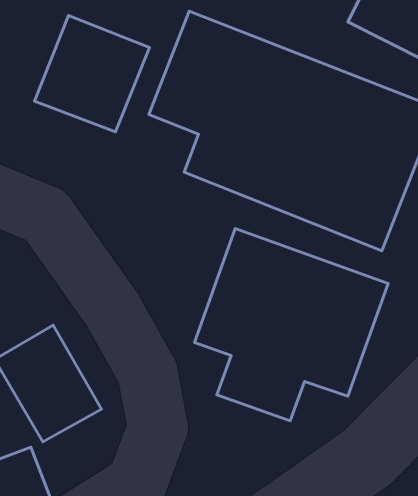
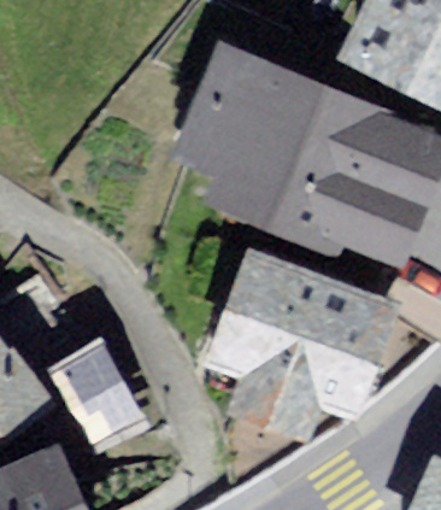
building: [35,16,150,132] -> none

